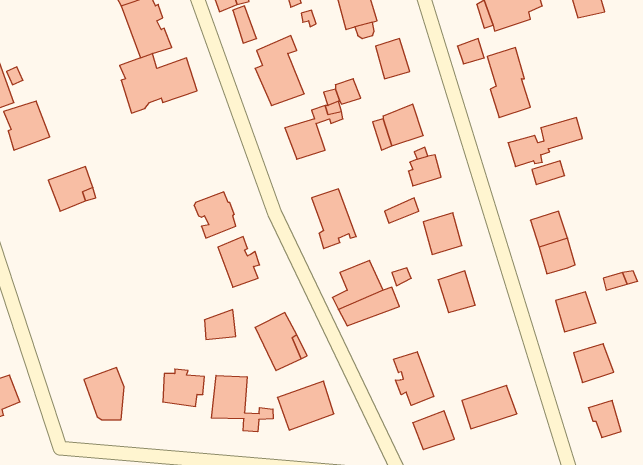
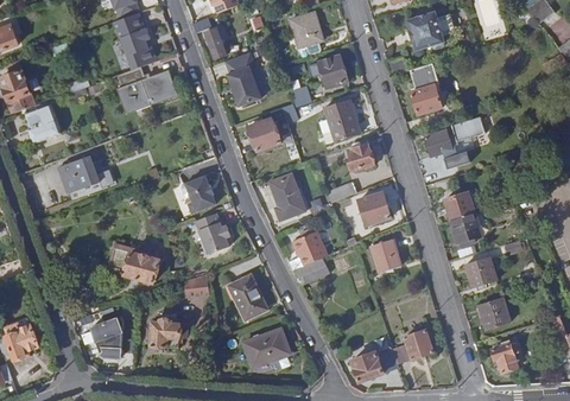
building: none -> [108,243,159,282]
building: [394,352,434,405] -> none
building: [211,375,273,432] -> none

